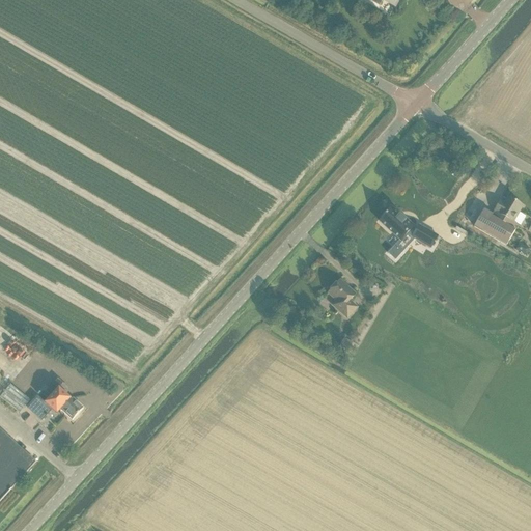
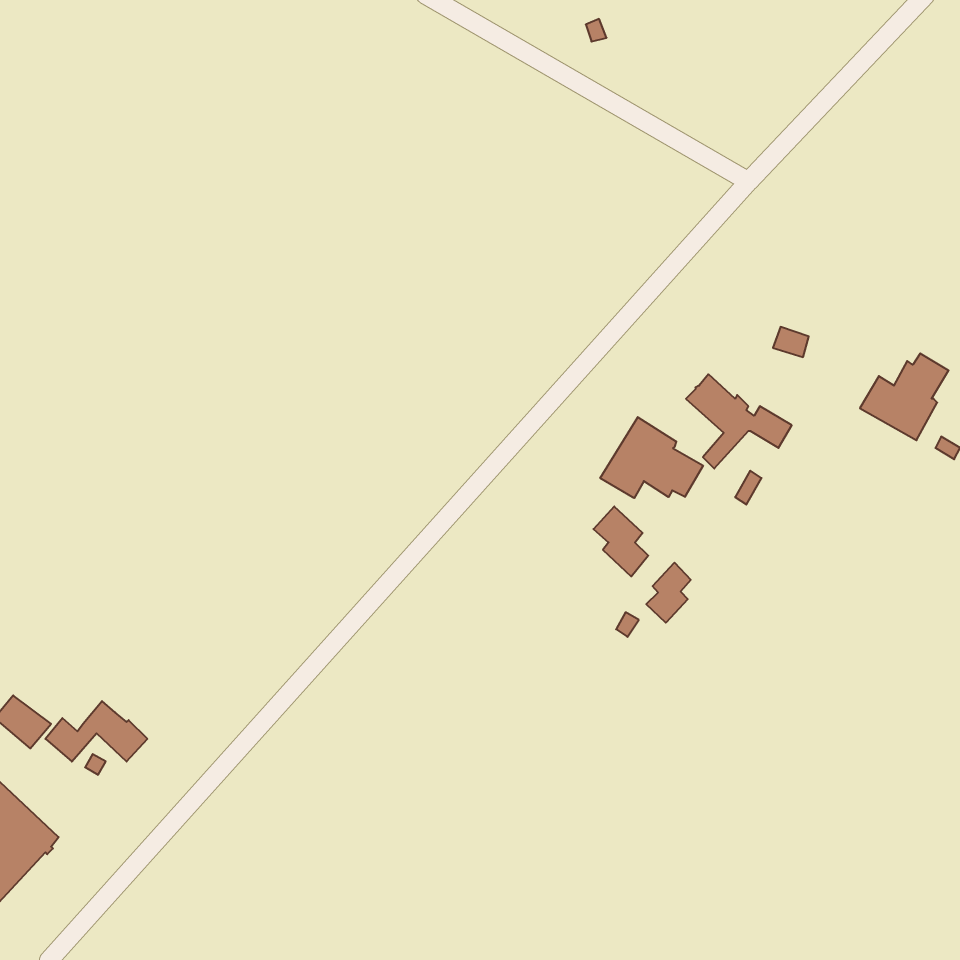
building: none -> [600,417,703,498]
building: none -> [646,563,691,623]

